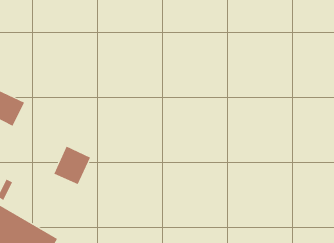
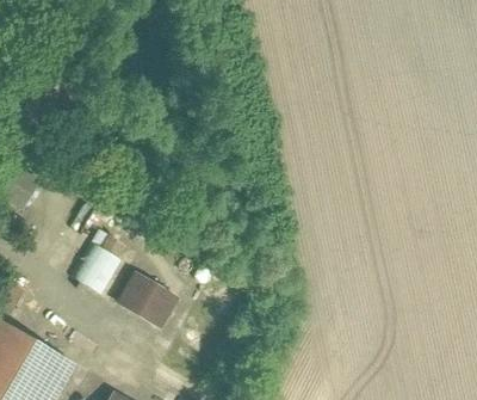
building: none -> [111,267,175,326]

